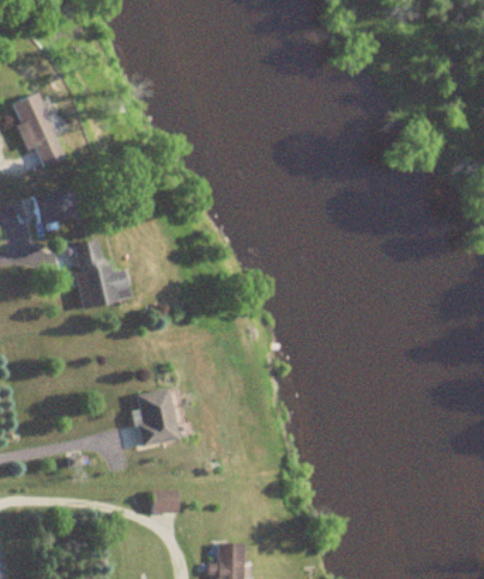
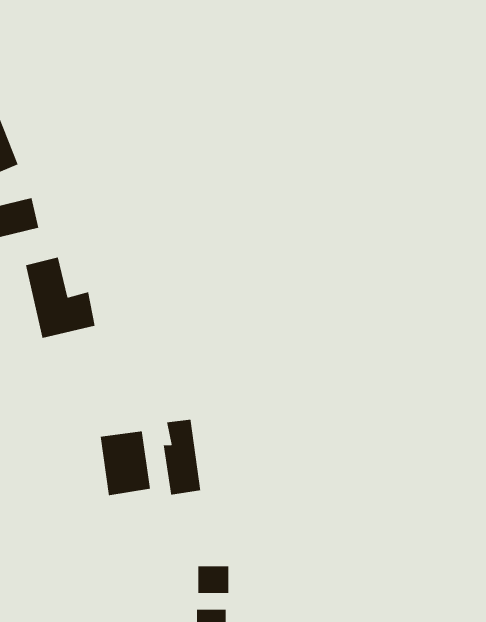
building: none -> [163,419,201,496]
building: [152,489,180,513] -> [198,566,229,594]

